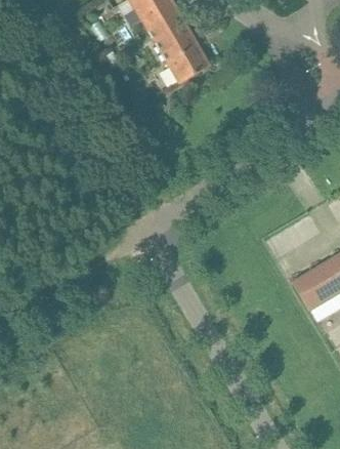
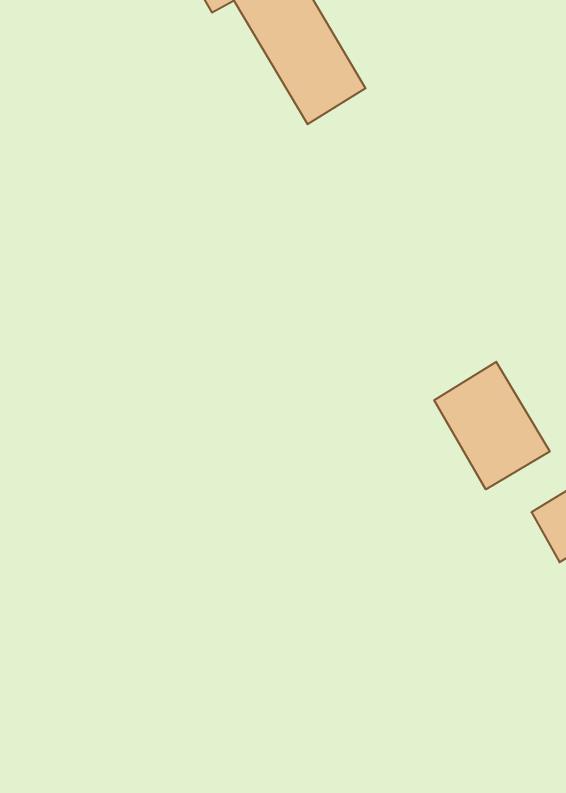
building: none -> [434,362,550,489]

